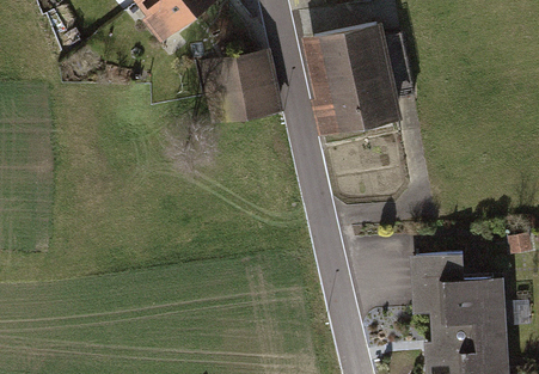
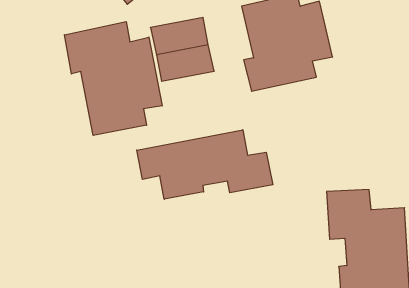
building: none -> [64,22,162,135]
building: none -> [137,130,273,199]

